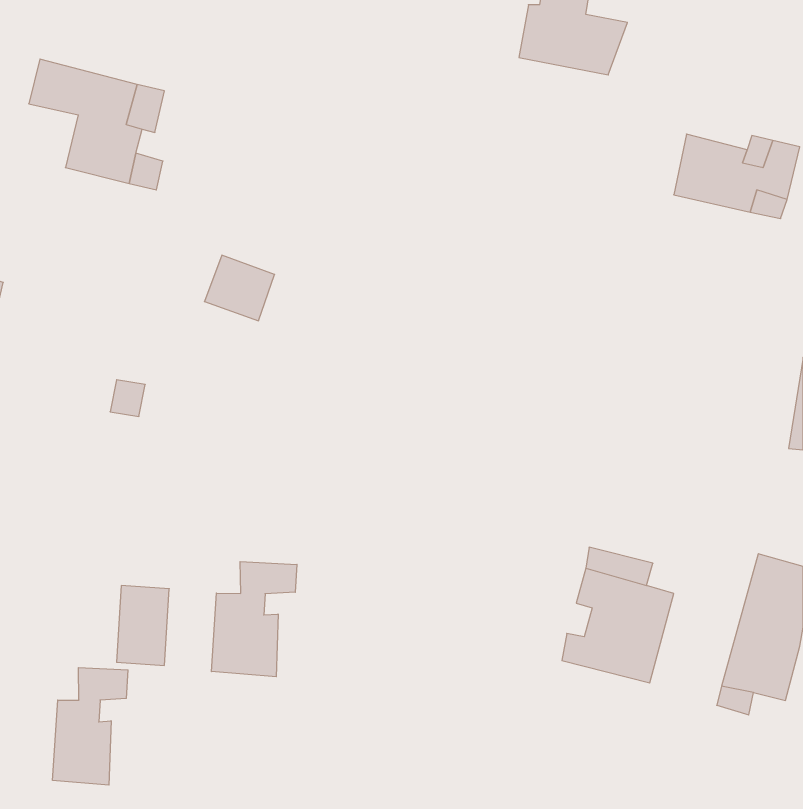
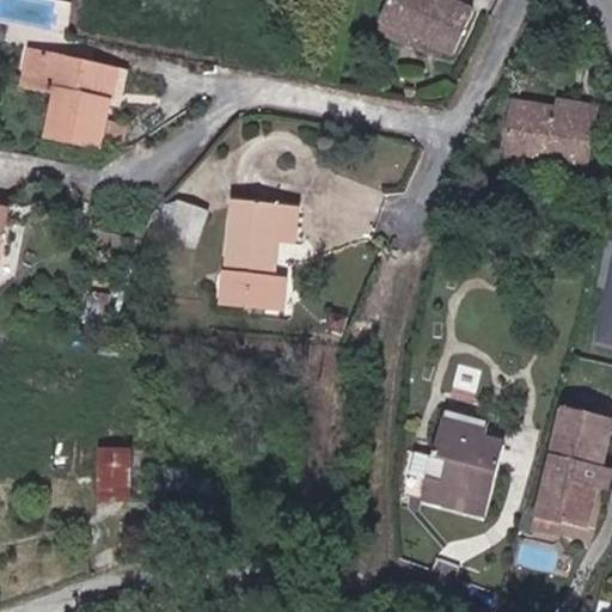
building: none -> [216,198,294,316]
building: [211,562,297,677] -> none
building: [53,668,128,785] -> none

